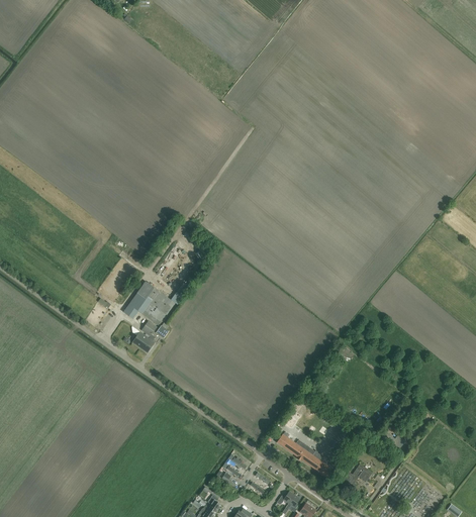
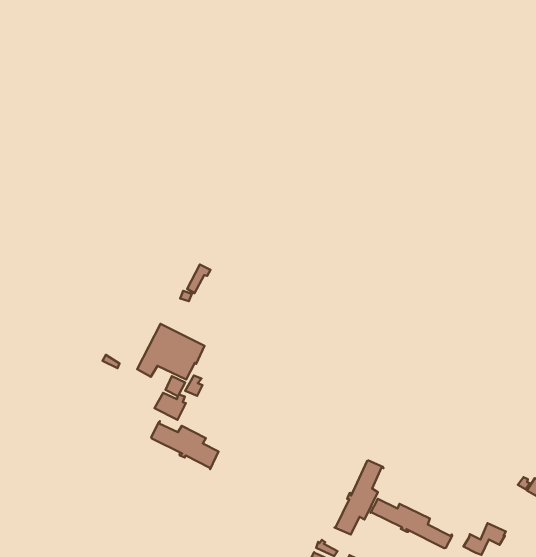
building: none -> [151,421,218,469]
building: none -> [335,460,384,535]

